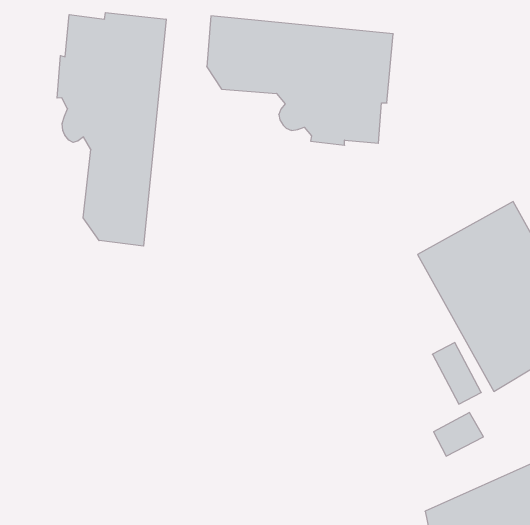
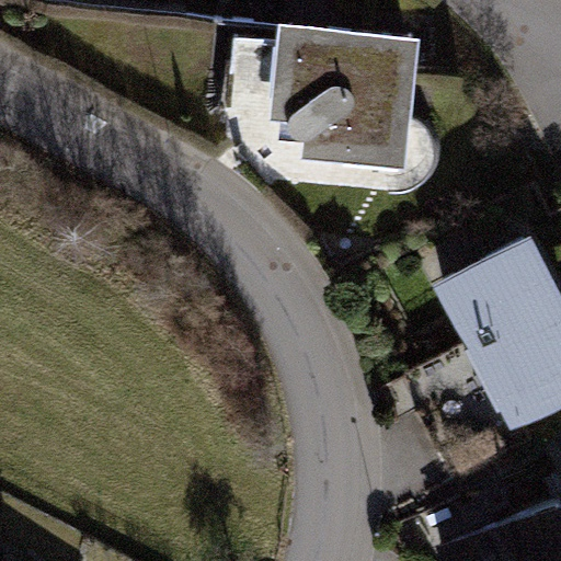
building: [57,13,166,246] -> none

